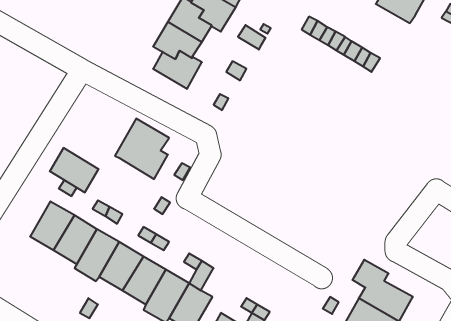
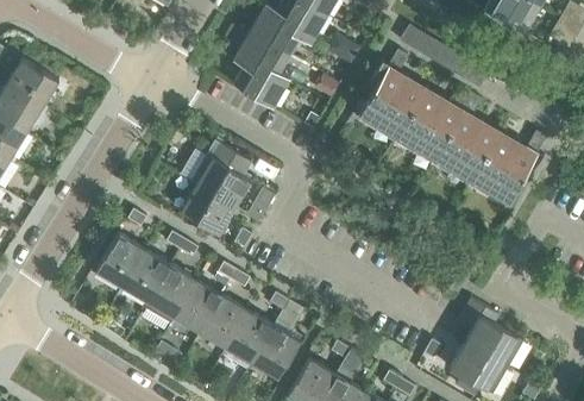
building: none -> [359,50,546,202]
building: [50,148,99,192] -> [180,184,234,234]

